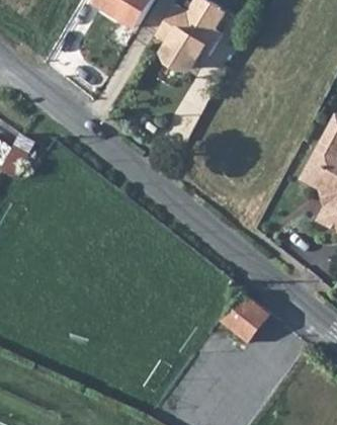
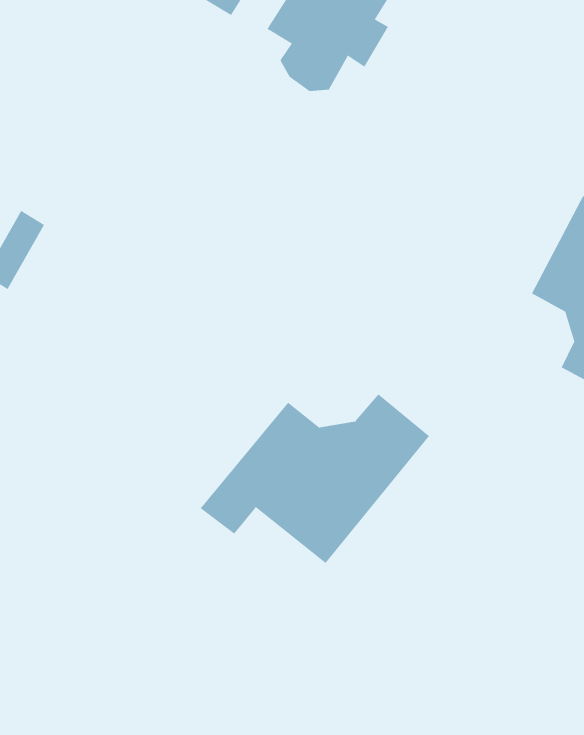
building: none -> [200,393,430,564]
building: [220,292,269,342] -> none

